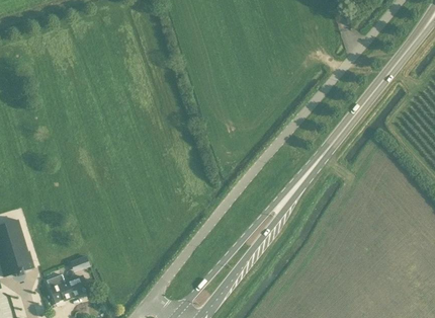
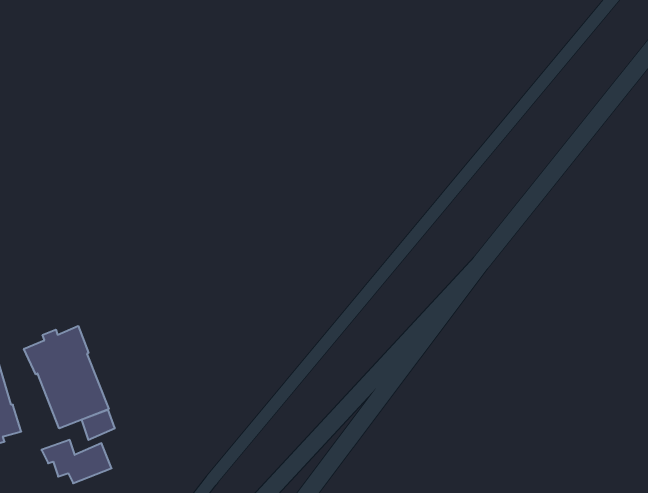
building: none -> [24,326,109,428]

